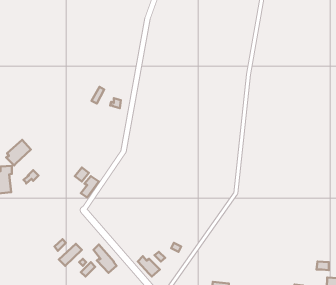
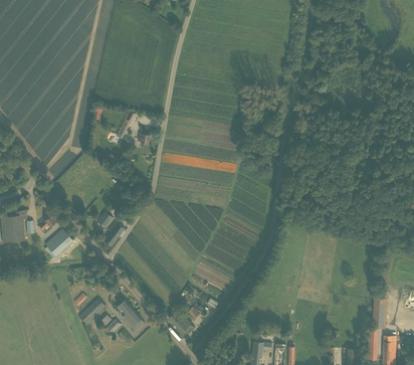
building: [6,140,31,165] -> [43,228,71,257]

